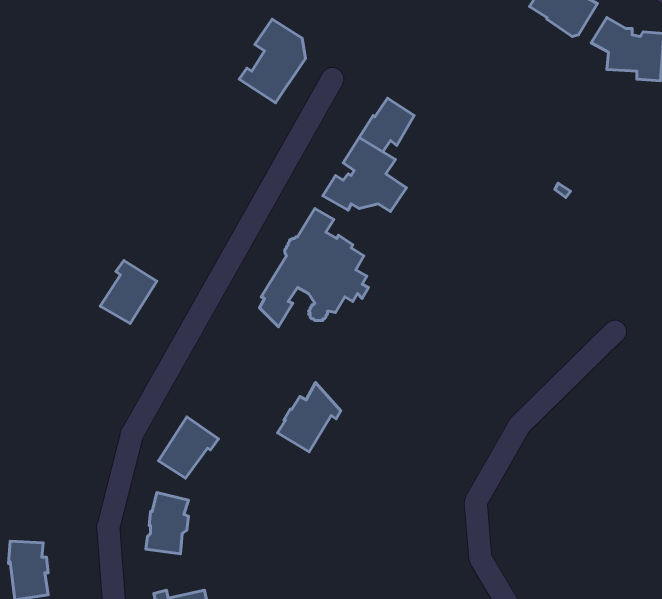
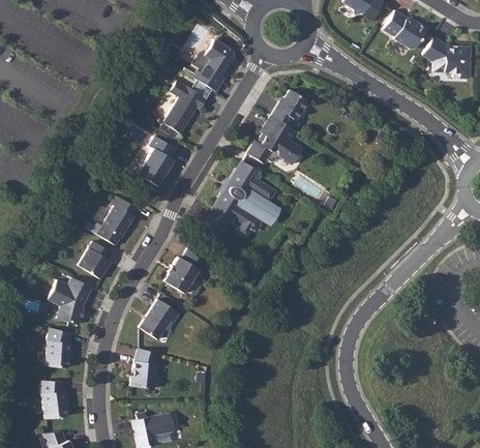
building: none -> [163,80,207,133]
building: none -> [138,136,176,185]
building: none -> [79,240,112,278]
building: [278,382,341,452] -> [163,246,205,292]
building: none -> [48,276,92,324]
building: none -> [46,327,71,366]

